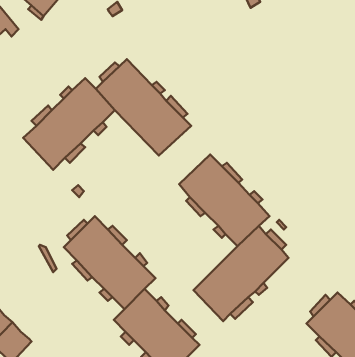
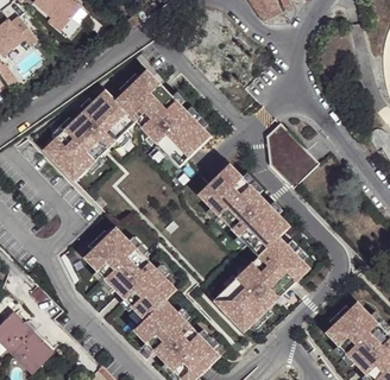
building: none -> [265,124,319,189]

